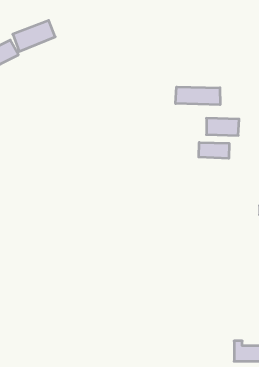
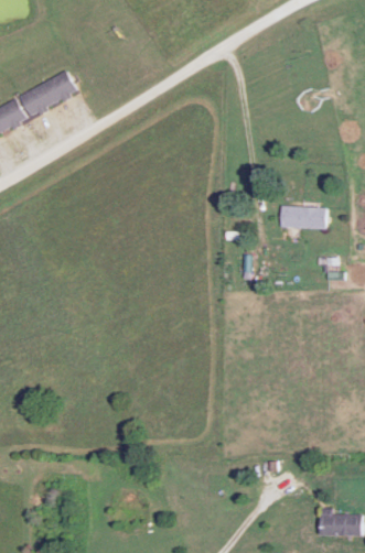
building: [176,87,220,105] -> none
building: [199,142,229,158] -> none

